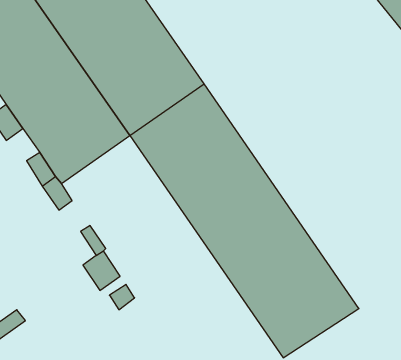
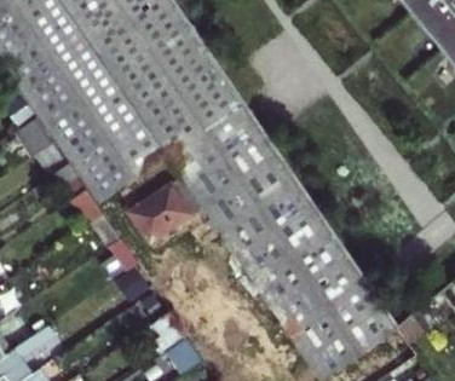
building: none -> [127,180,188,236]

